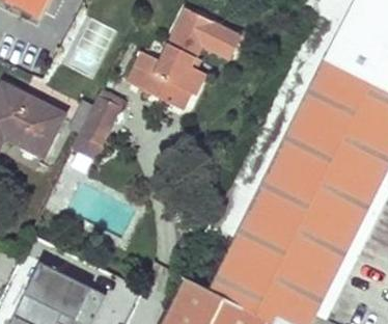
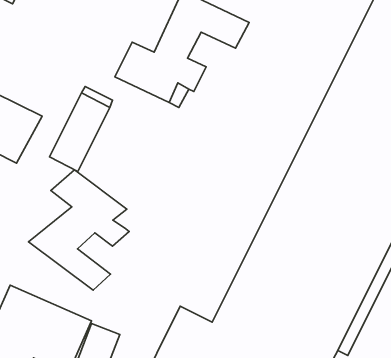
building: none -> [29,170,129,290]

